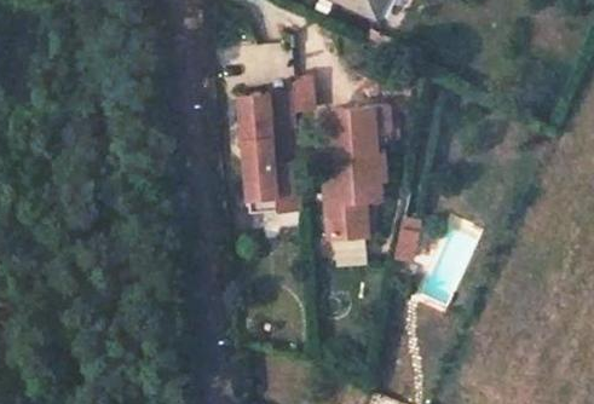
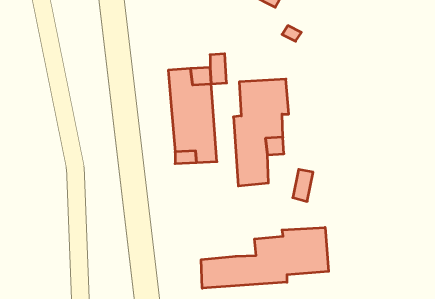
building: none -> [201,227,329,288]

